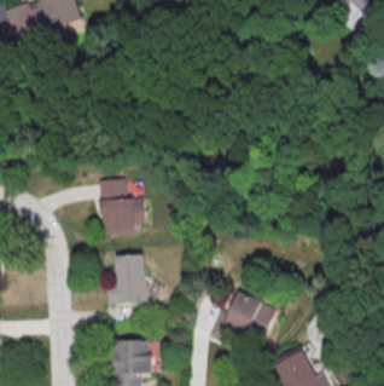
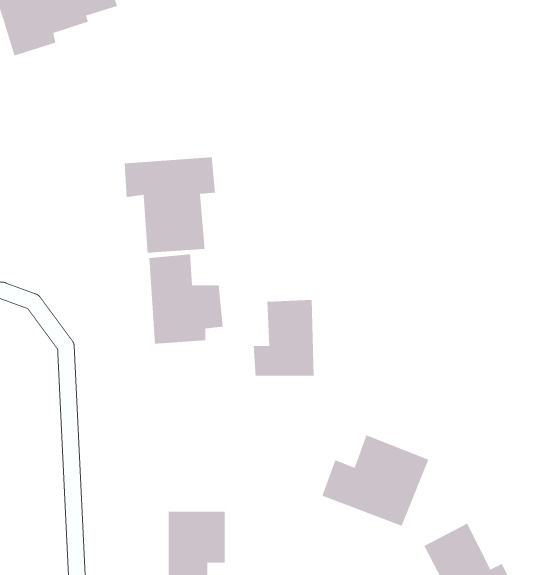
building: none -> [124,156,215,253]
building: [107,253,146,301] -> [253,299,314,376]

